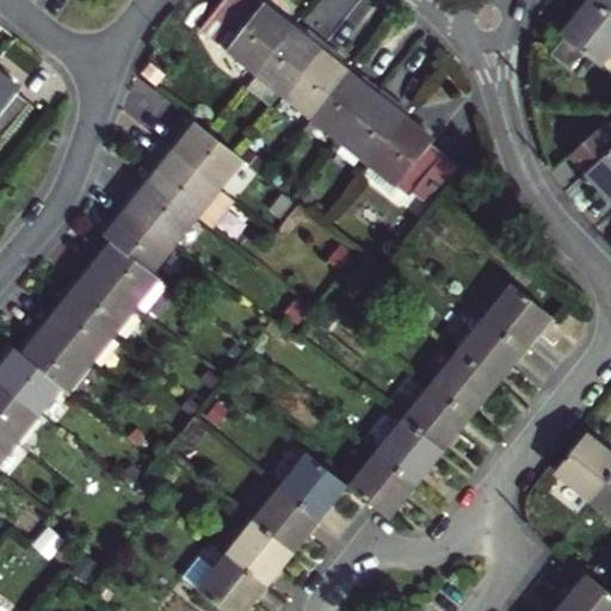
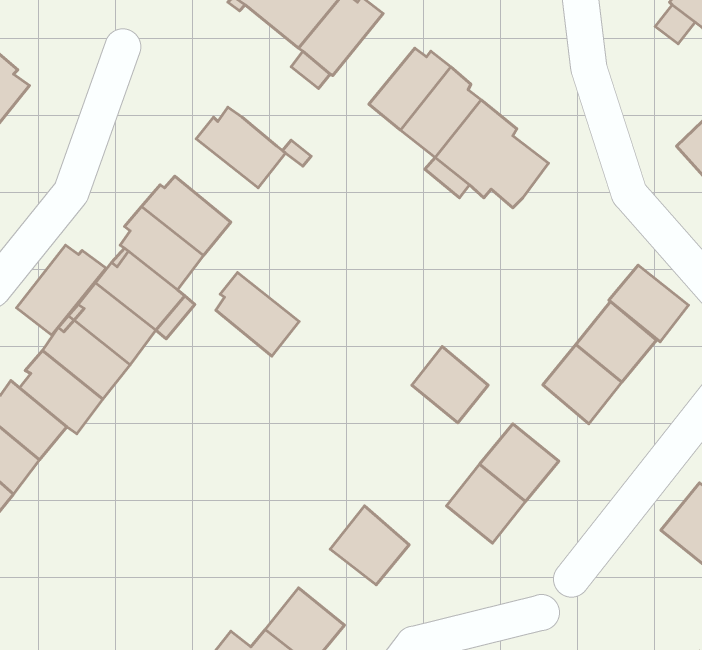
building: [283,44,351,119] -> none
building: [152,148,221,217] -> [216,273,299,356]
building: none -> [17,245,106,335]
building: none -> [609,265,689,342]
building: [432,352,495,415] -> [412,346,488,423]
building: [350,452,415,517] -> none
building: [254,488,319,551] -> none

